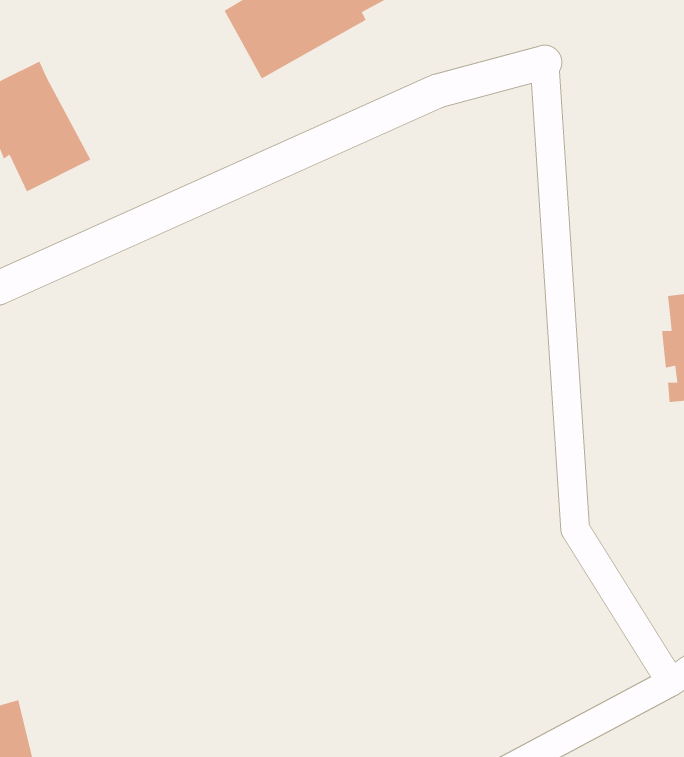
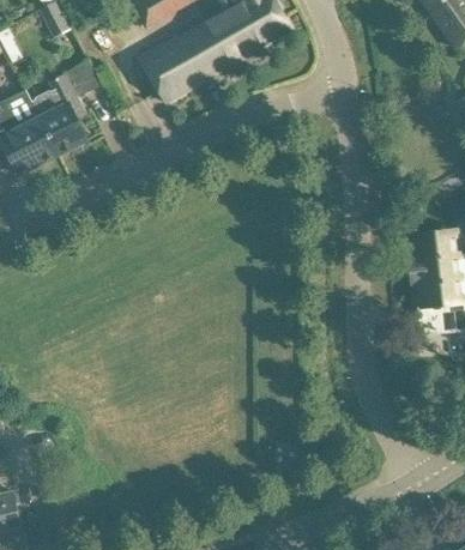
building: none -> [31,66,101,152]

